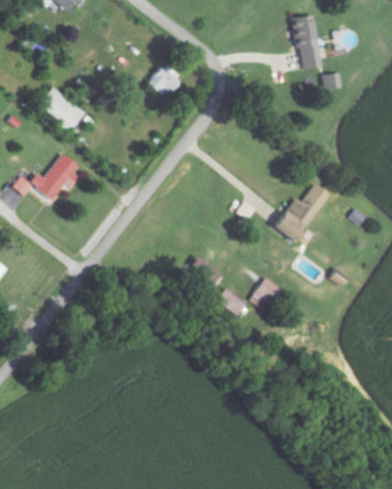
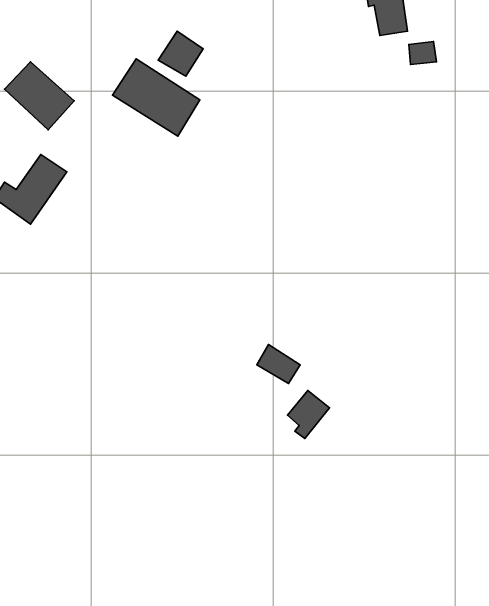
building: none -> [113,59,200,136]
building: [271,183,329,242] -> none
building: [254,278,284,312] -> [288,391,330,438]

